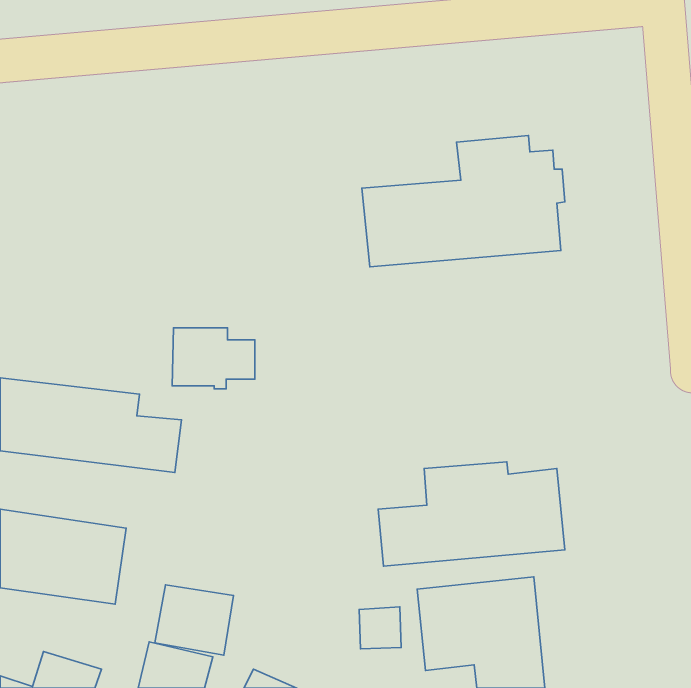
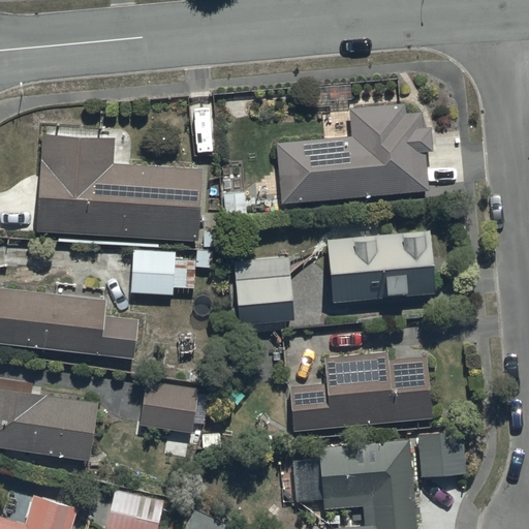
building: none -> [37,124,203,242]
building: none -> [328,231,435,303]
building: none -> [230,257,294,326]
building: none -> [418,433,466,478]
building: [155,585,233,655] -> [139,380,199,434]

